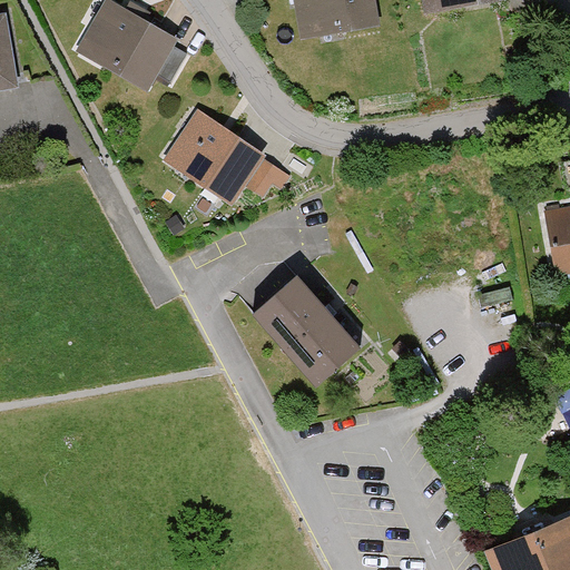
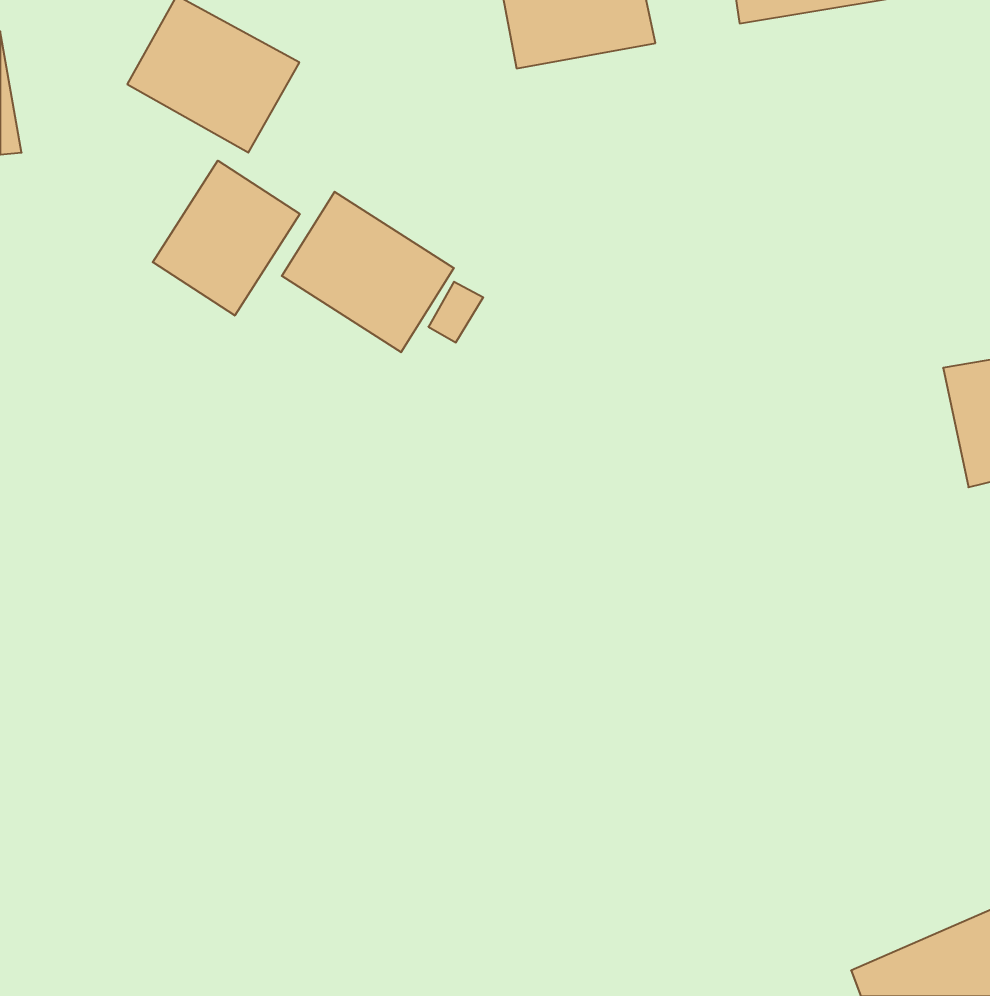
building: none -> [153,161,300,316]
building: [248,275,357,385] -> none

